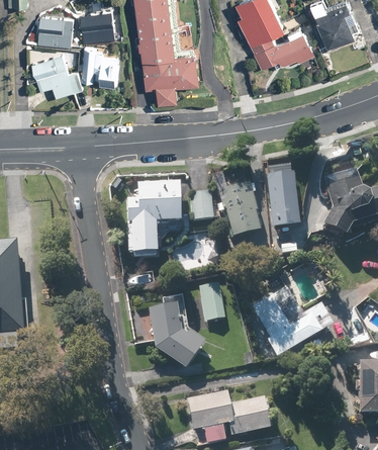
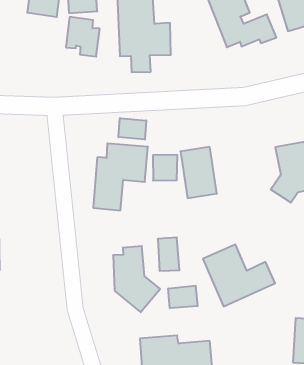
building: [32,54,85,96] -> none
building: none -> [119,118,146,140]
building: [266,173,300,228] -> none
building: none -> [168,286,197,308]

